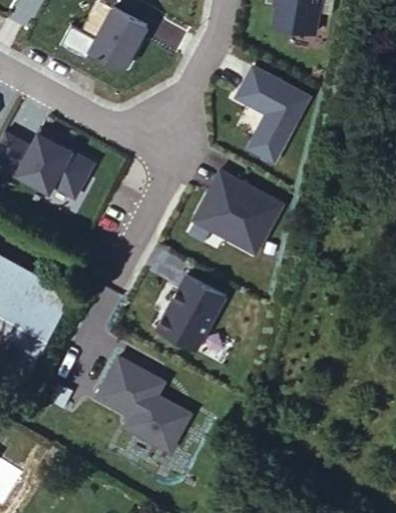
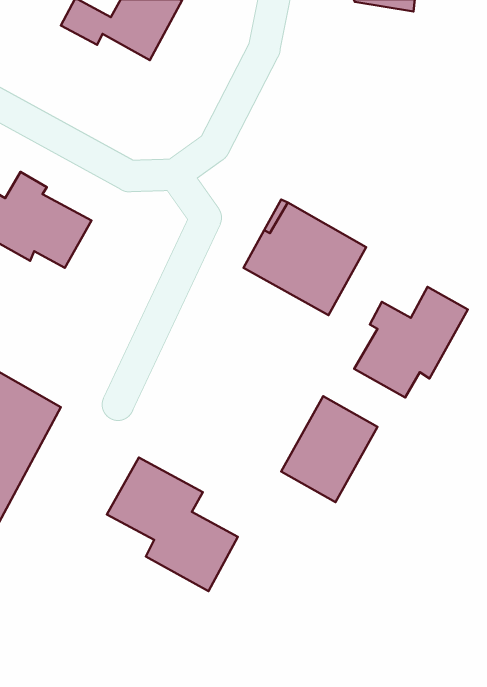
building: [240,56,312,152] -> none
building: none -> [354,287,468,397]
building: [159,264,229,340] -> [281,396,377,502]

